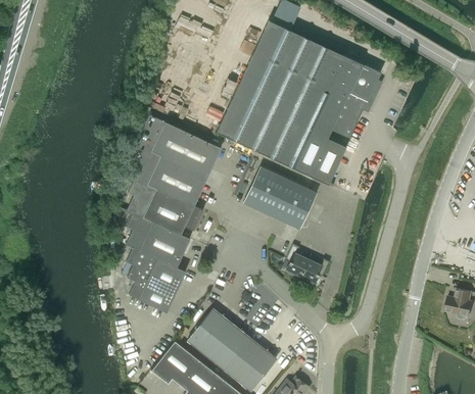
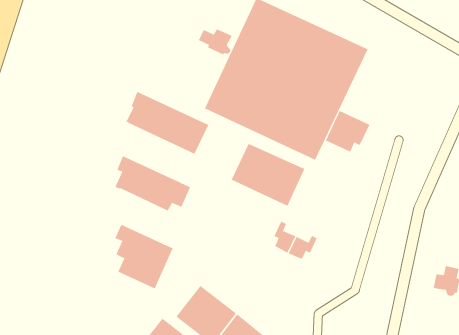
building: none -> [198,28,232,55]
building: none -> [325,110,370,153]
building: [129,146,206,206] -> none
building: [126,212,189,267] -> none

